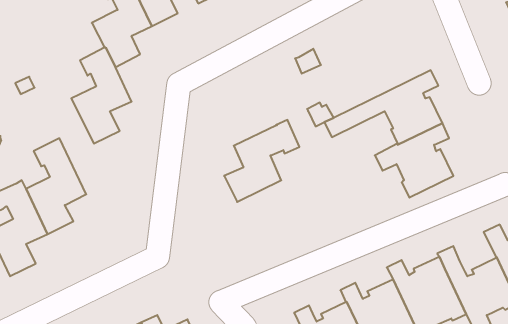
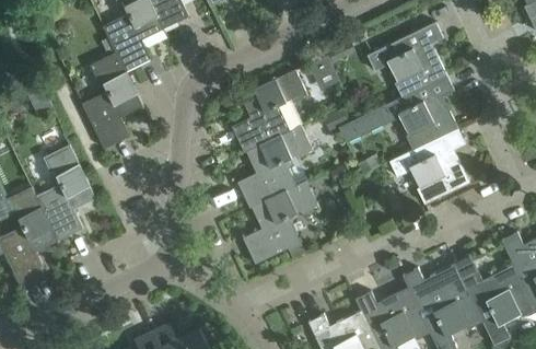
building: none -> [366,21,446,96]
building: none -> [232,69,308,152]
building: none -> [242,181,318,264]

